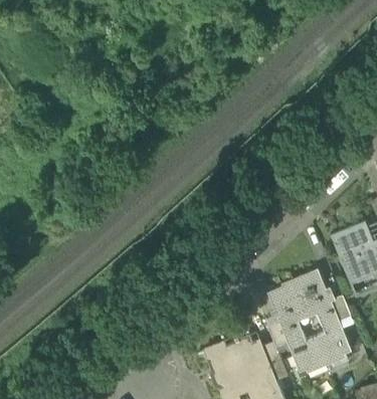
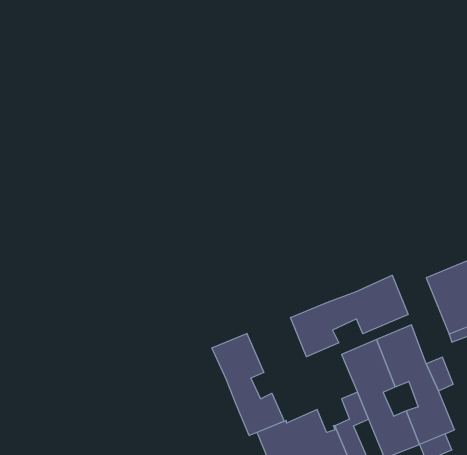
building: none -> [291,275,408,357]
building: none -> [212,333,284,436]

